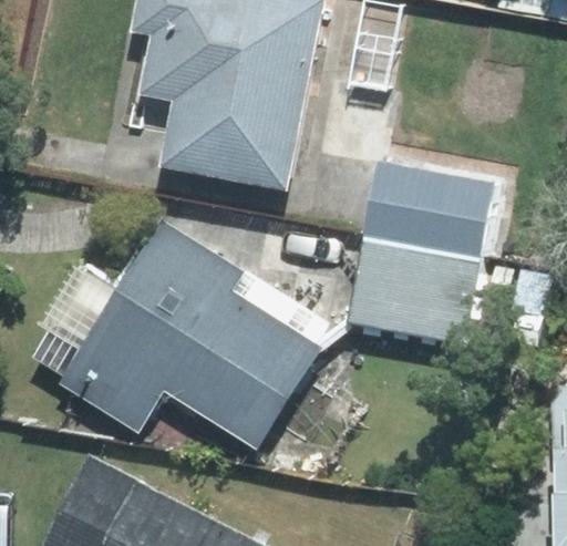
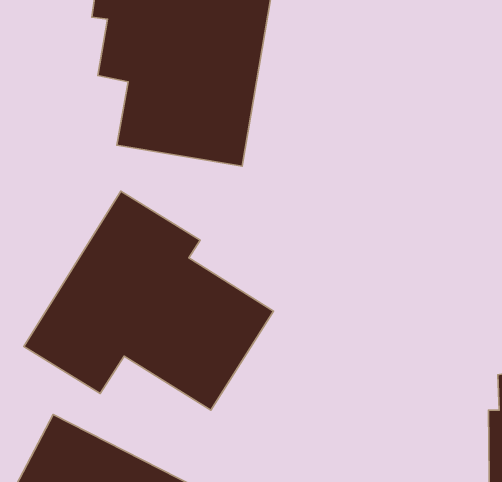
building: [349,159,492,342] -> none

